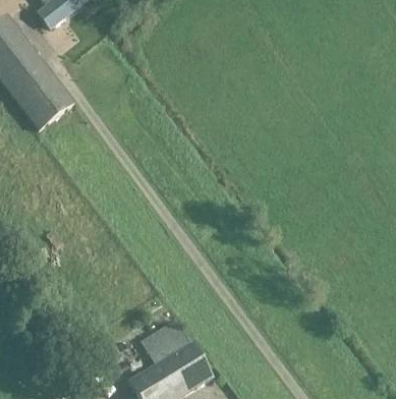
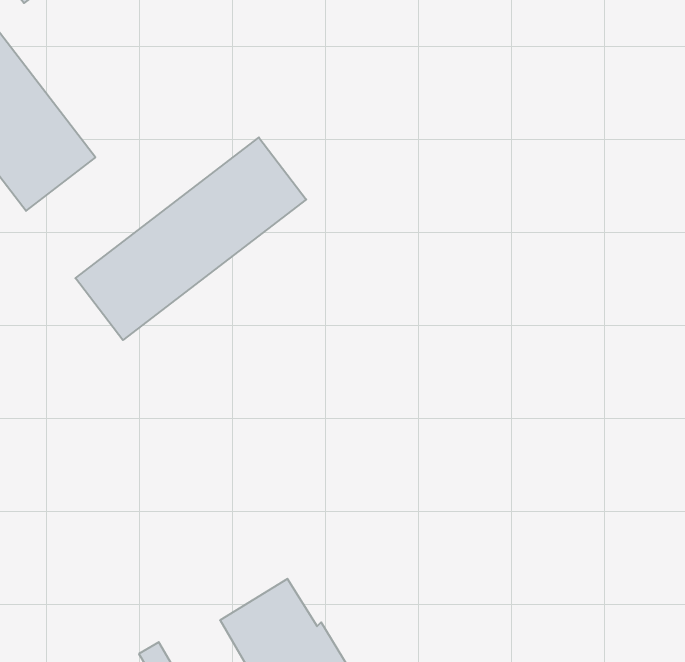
building: none -> [75,137,306,340]

